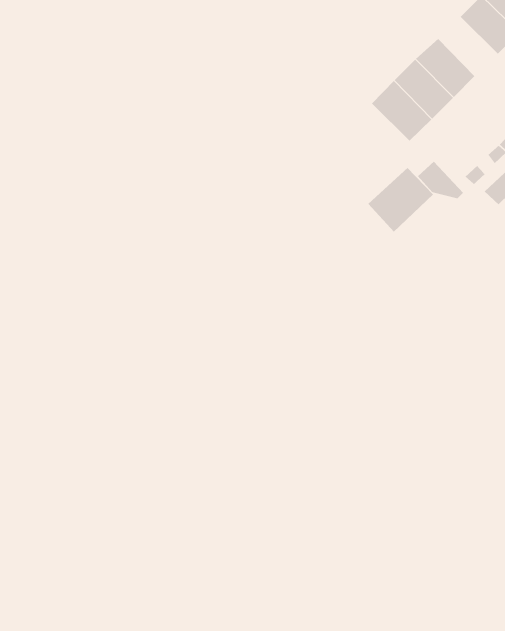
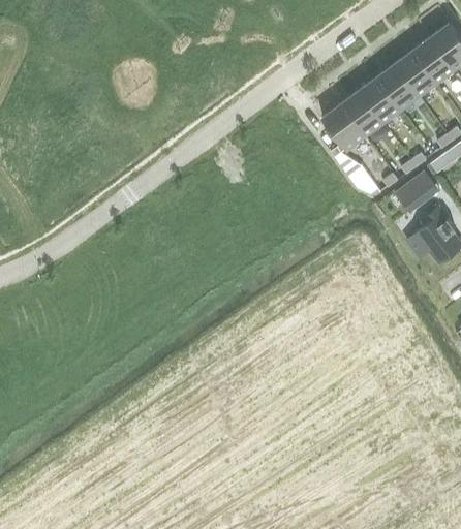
building: none -> [377,64,419,108]
building: [367,167,434,233] -> none

